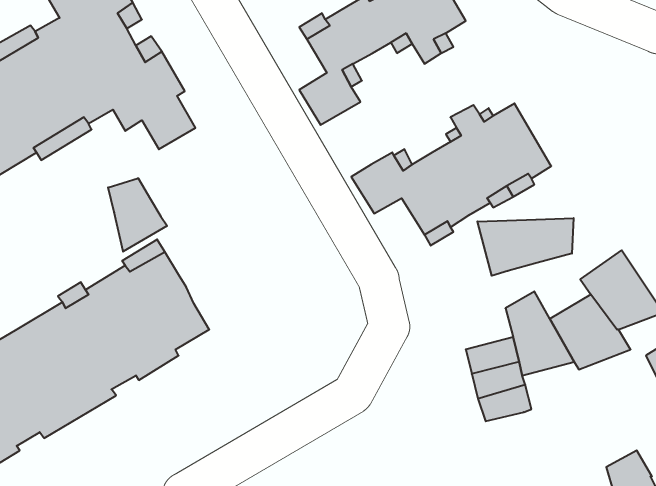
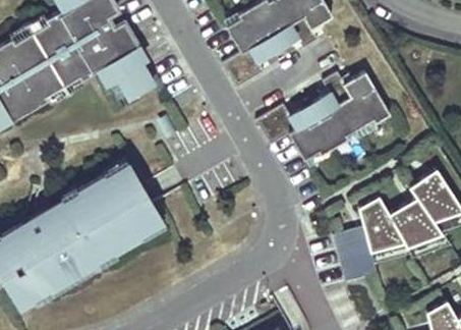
building: [108,178,167,252] -> none
building: [477,218,574,276] -> none

